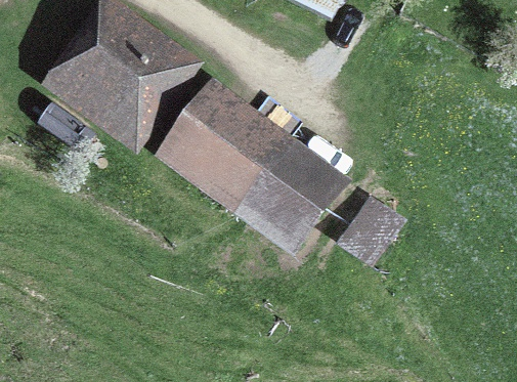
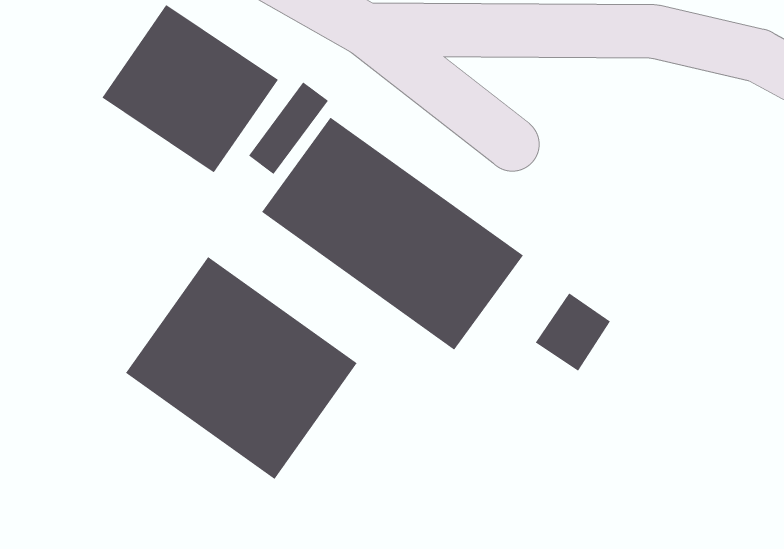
building: none -> [125,256,358,480]

